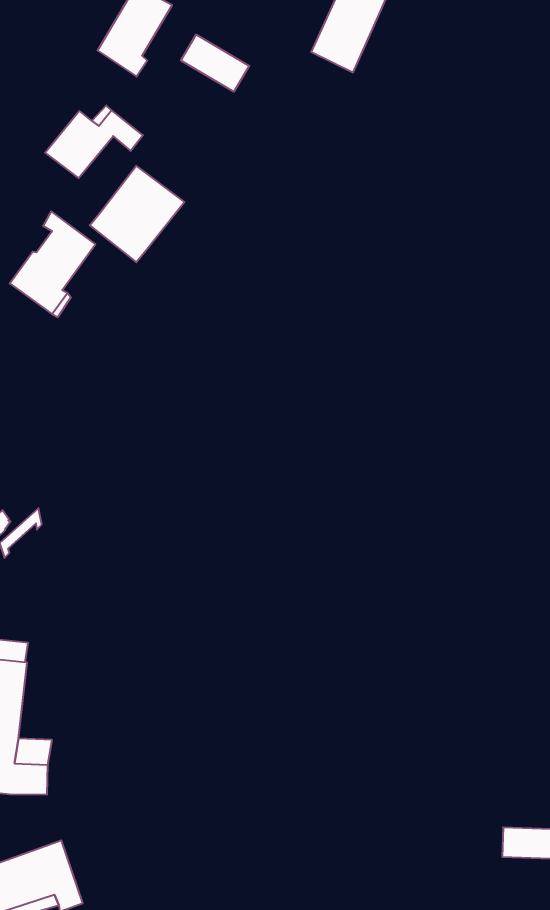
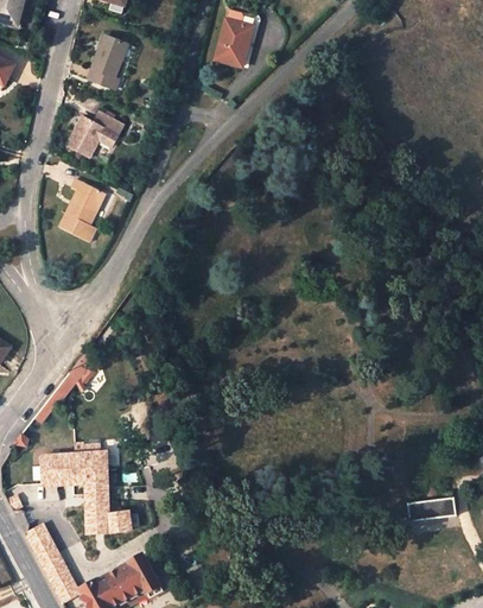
building: [181,35,249,92] -> none
building: [90,166,184,262] -> none

